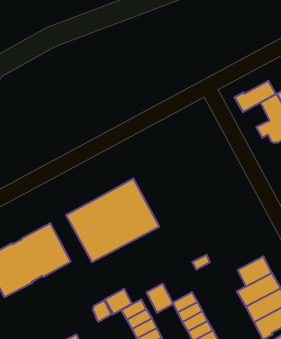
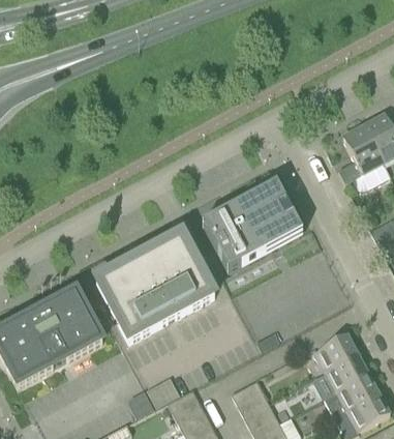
building: [235,81,276,112] -> none
building: none -> [202,184,298,271]
building: [146,284,173,313] -> none

